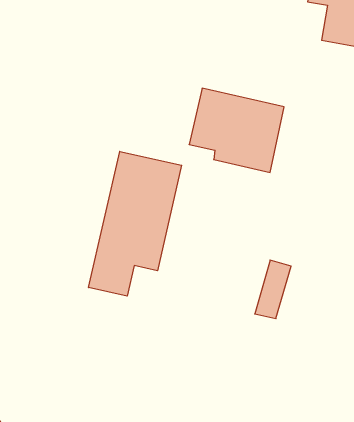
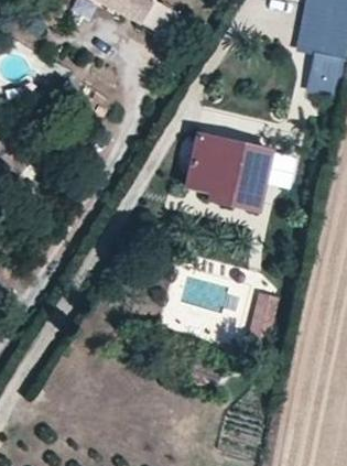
building: [89,151,182,296] -> none

